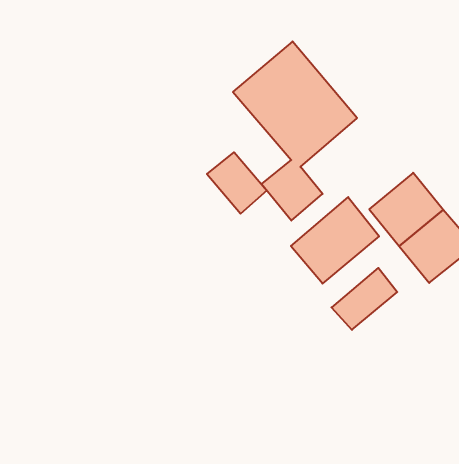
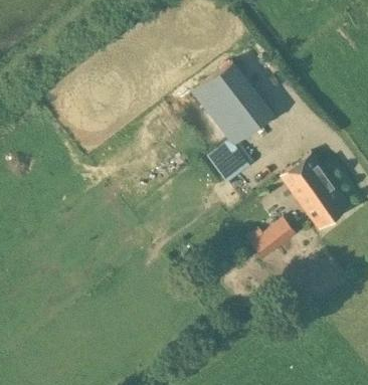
building: [207,152,267,214] -> none
building: [291,197,379,284] -> none

